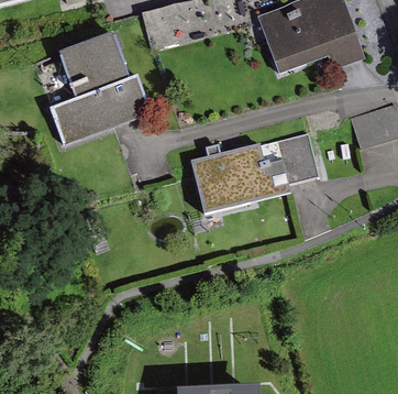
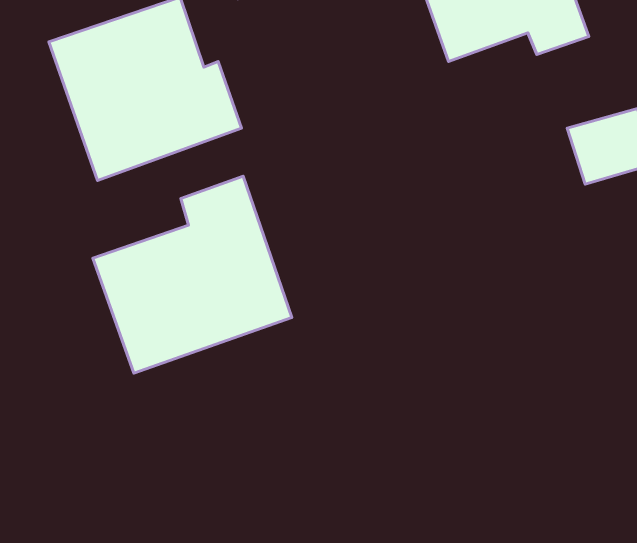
building: [189,133,317,215] -> none
building: none -> [93,176,292,373]

